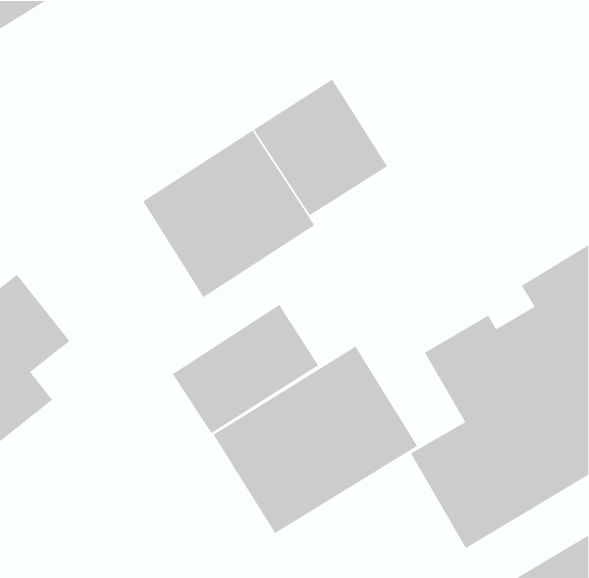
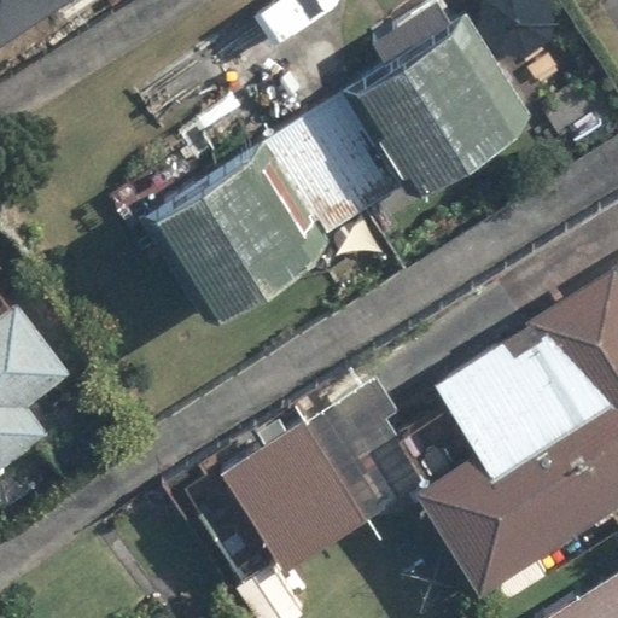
building: none -> [348,24,526,202]
building: [172,304,319,434] -> none

